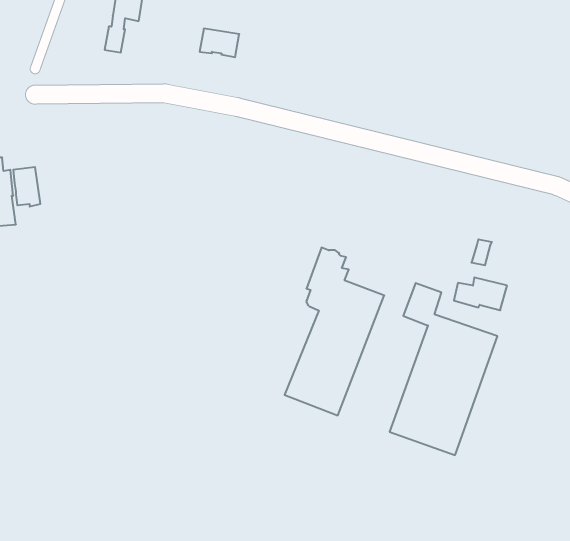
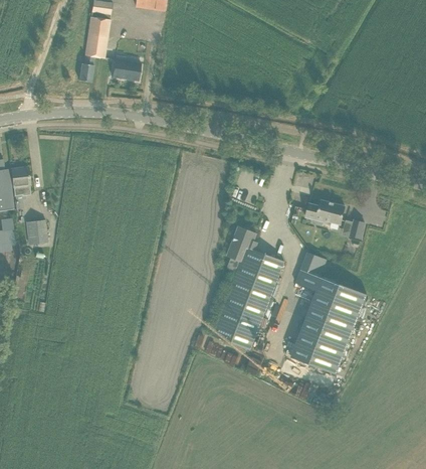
building: [200,29,239,57] -> [112,60,141,82]
building: none -> [25,220,48,246]
building: [454,277,507,310] -> [305,200,345,224]

